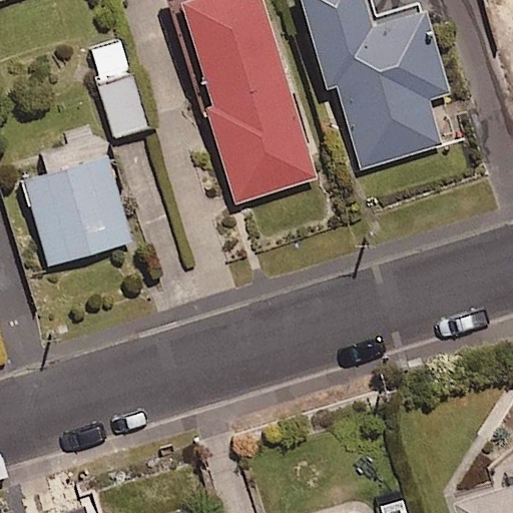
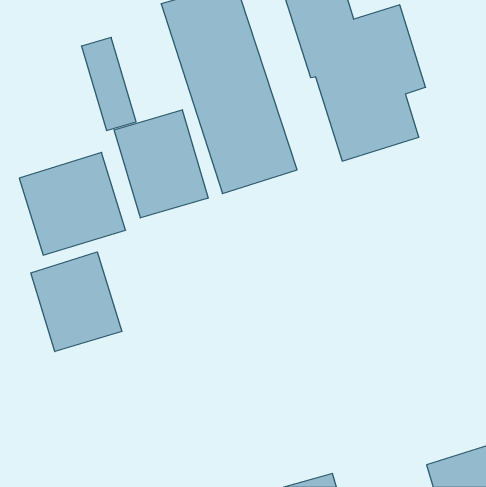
building: none -> [114,110,208,218]
building: none -> [31,252,122,352]

